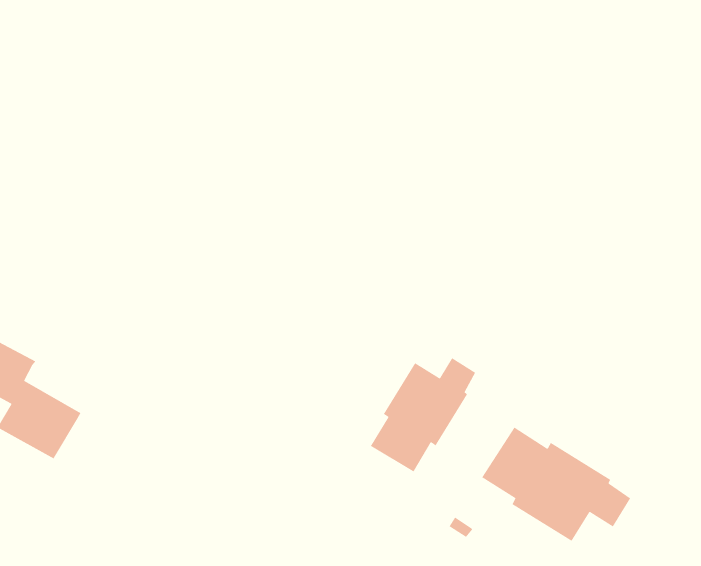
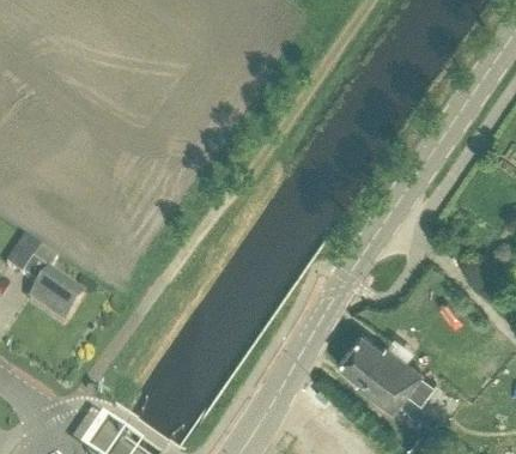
building: [370,357,476,472] -> none

